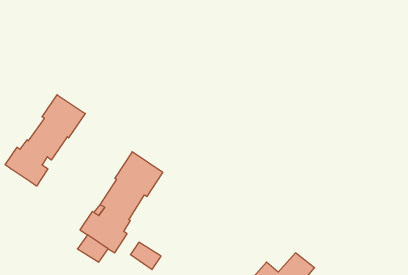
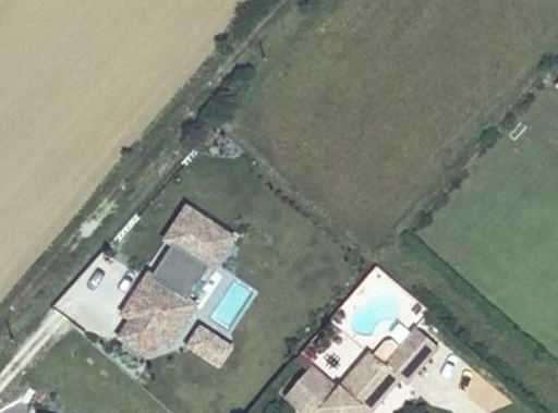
building: [5,95,85,186] -> none

